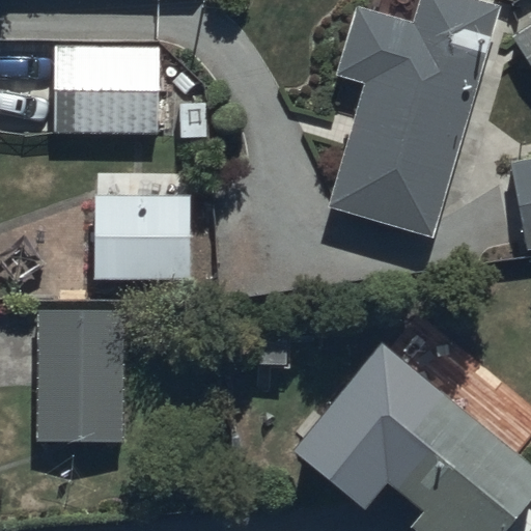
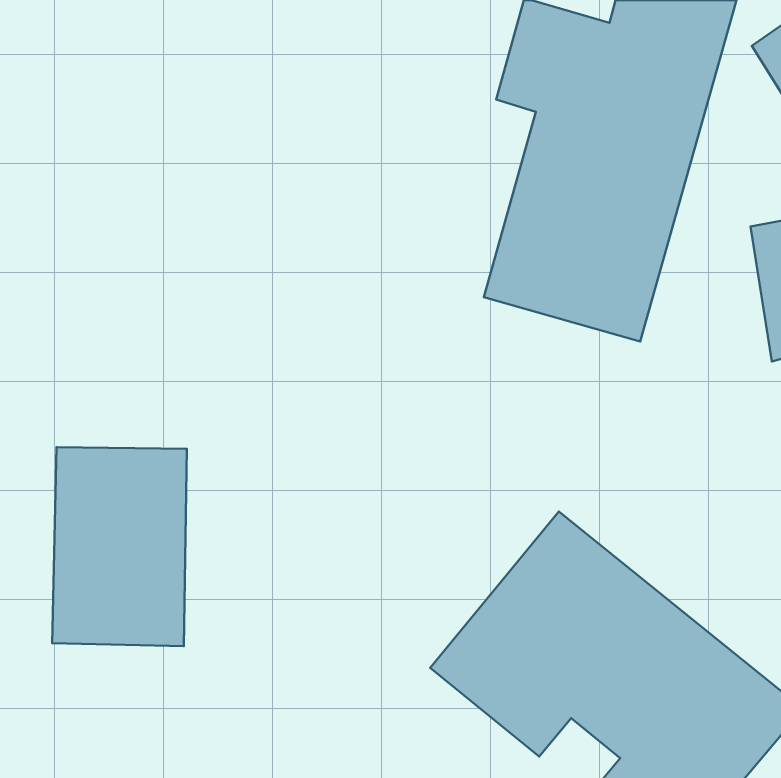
building: [54,43,162,139] -> none
building: [92,185,194,280] -> none

